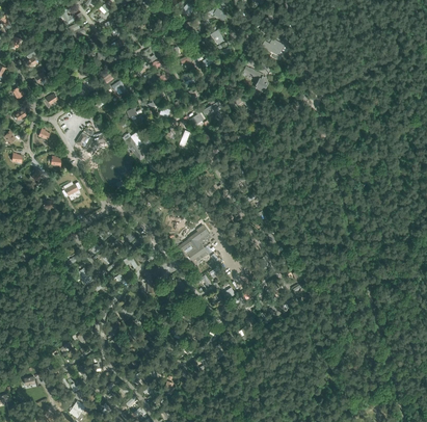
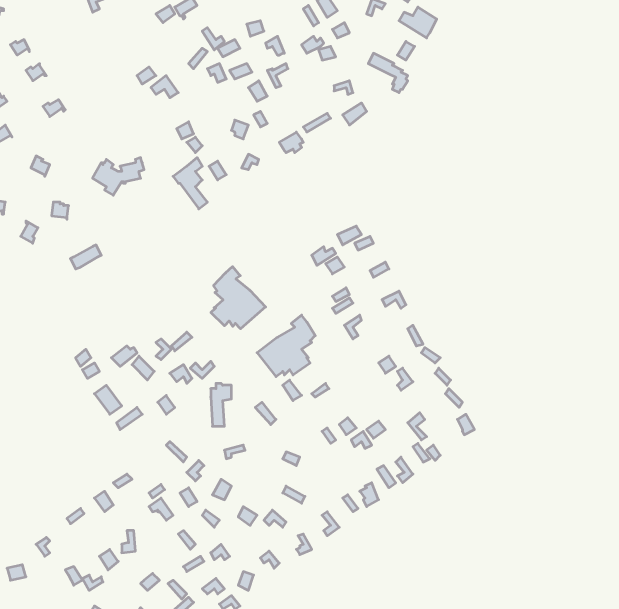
building: none -> [211,267,266,329]

